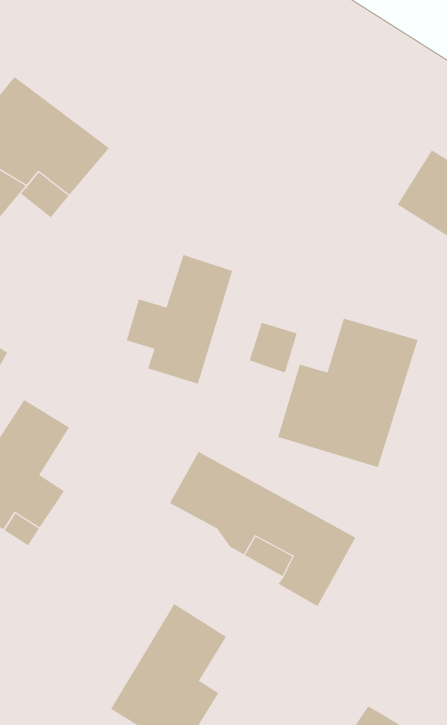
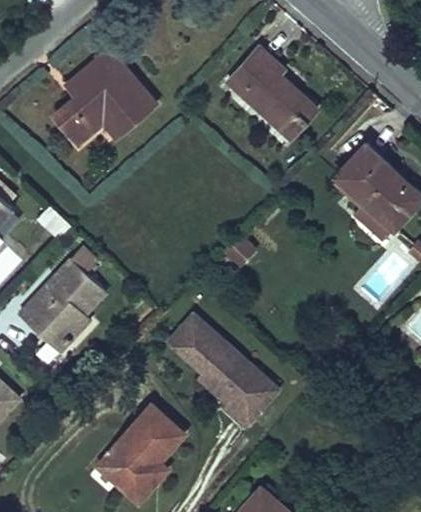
building: none -> [227,42,316,135]
building: [126,254,233,384] -> none
building: [278,318,418,468] -> none

